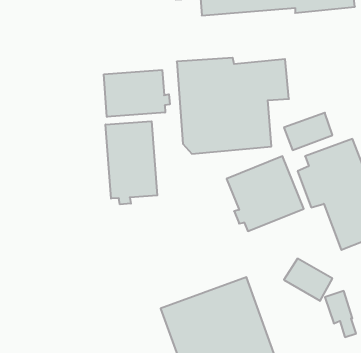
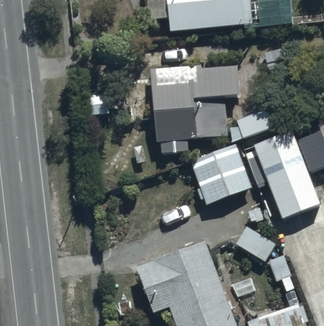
building: [104,70,170,117] -> none
building: [106,121,157,204] -> none

